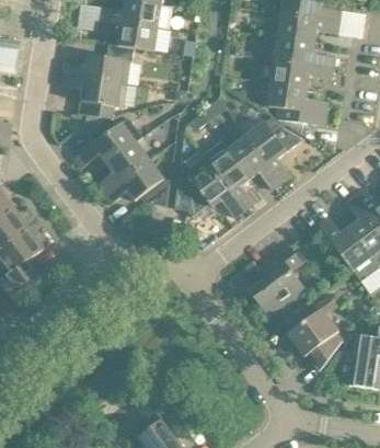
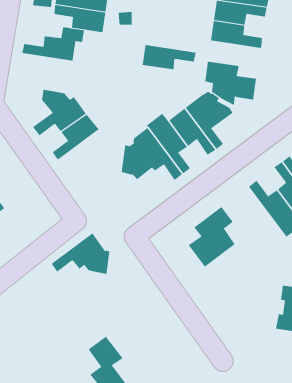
building: [272,59,333,88] -> [142,45,196,70]
building: [61,73,120,118] -> none
building: [103,159,170,206] -> [51,233,110,275]
building: [288,294,342,371] -> none

